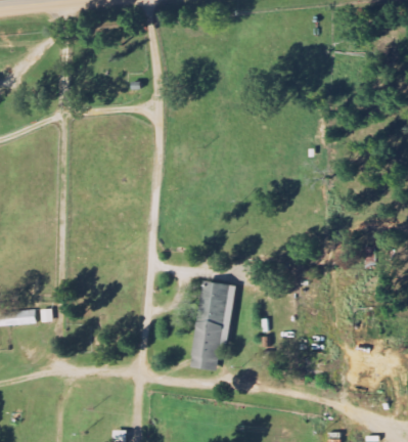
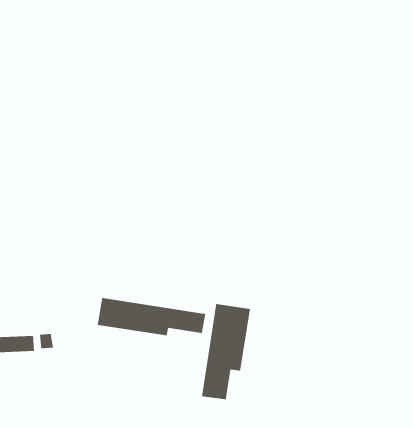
building: none -> [97,297,206,336]

